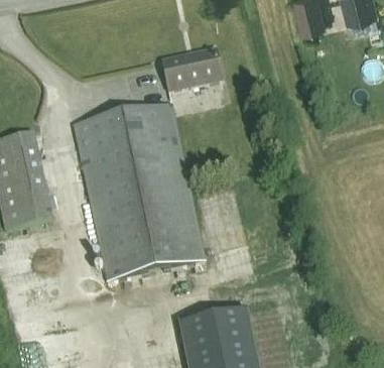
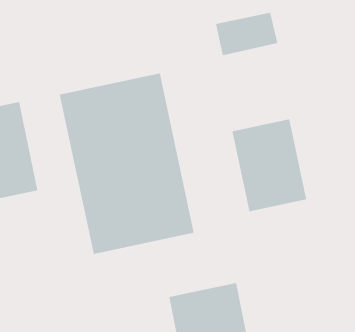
building: [161,49,223,92] -> [215,12,278,56]
building: none -> [232,119,307,212]

